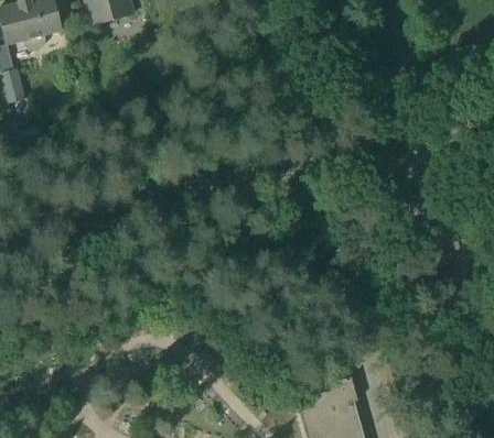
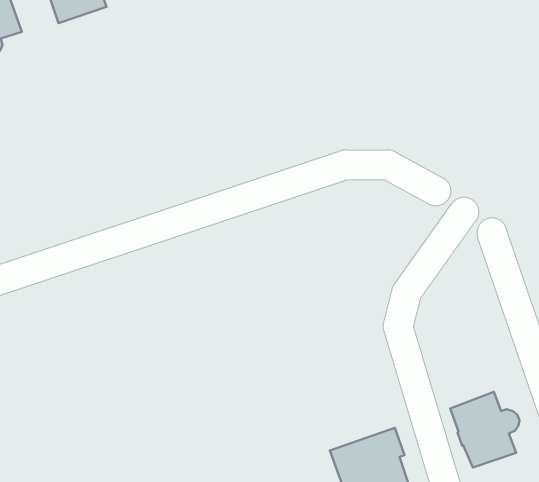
building: none -> [450,392,520,467]

